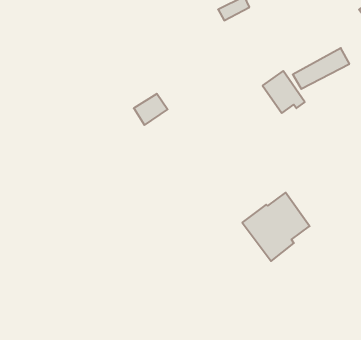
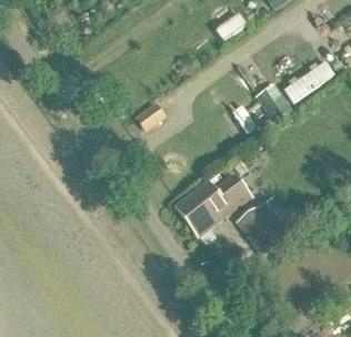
building: none -> [177,174,252,236]

